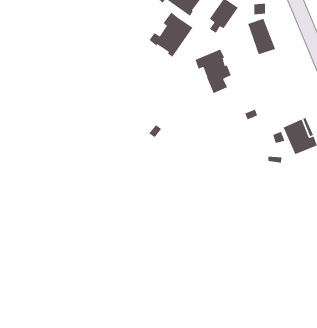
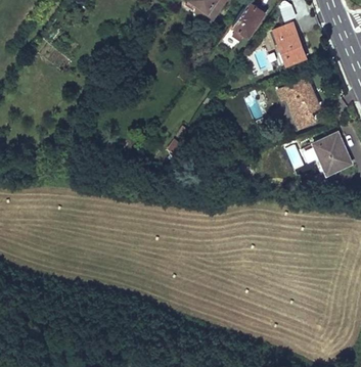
building: [149,11,194,58] -> none
building: [194,48,232,94] -> [278,78,319,128]

